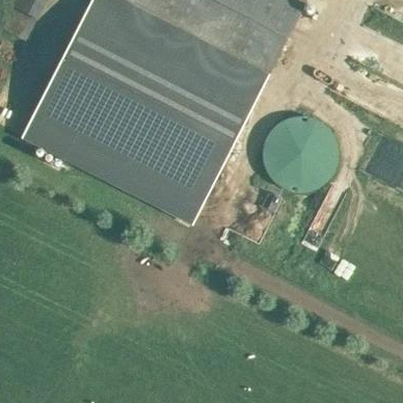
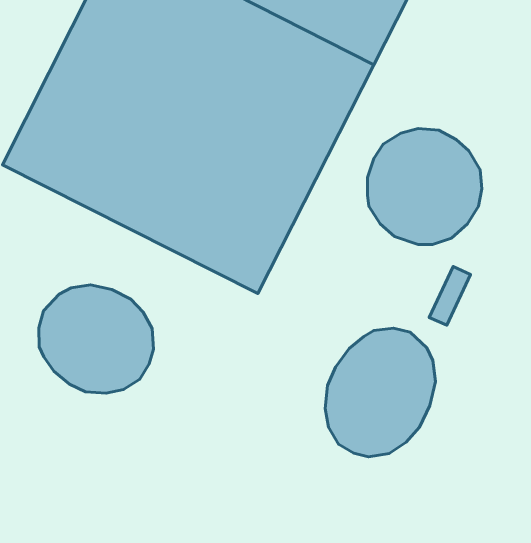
building: none -> [39,285,154,393]
building: none -> [325,328,435,457]

